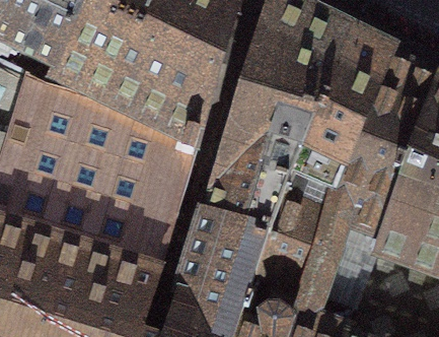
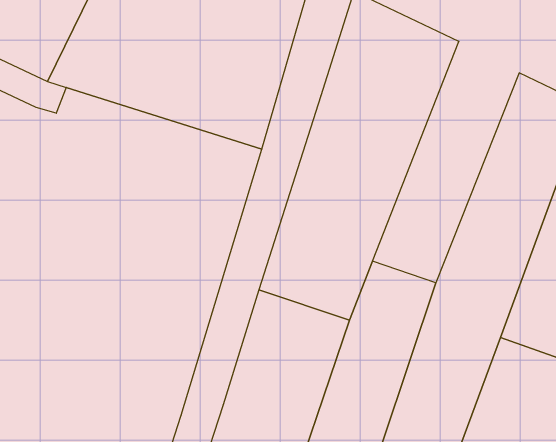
building: [285,33,388,204] -> none

